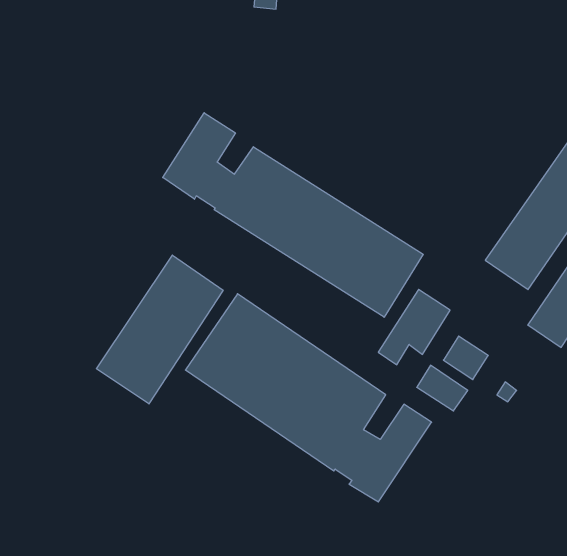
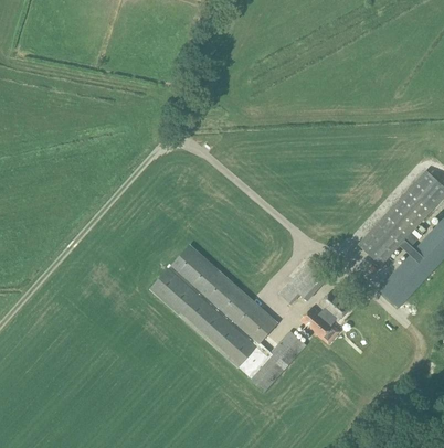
building: [163,113,423,317] -> none
building: [96,255,223,404] -> none

